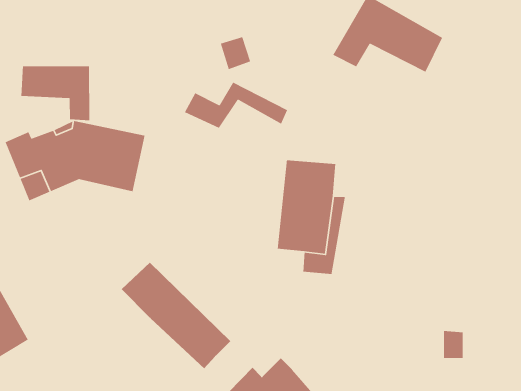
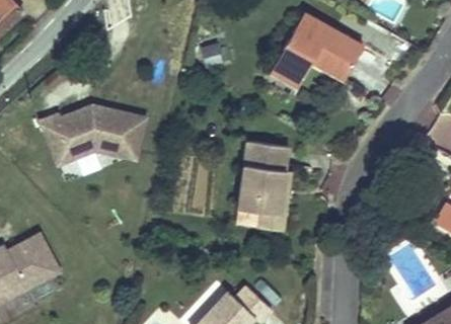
building: [20,65,90,121] -> none
building: [184,81,288,129] -> [274,49,352,84]
building: [121,262,231,369] -> none

